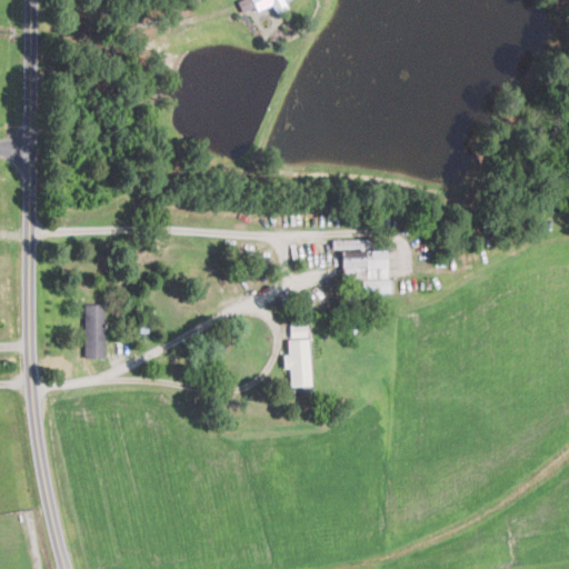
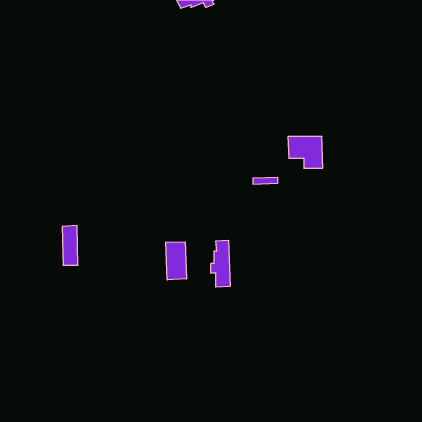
building: [343,251,390,293] -> [288,137,323,168]
building: none -> [166,242,187,280]

